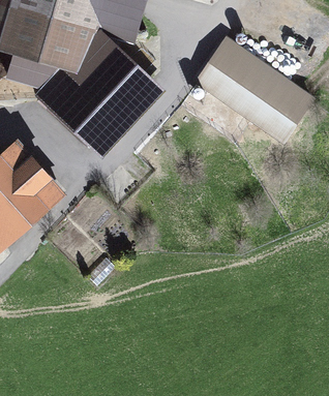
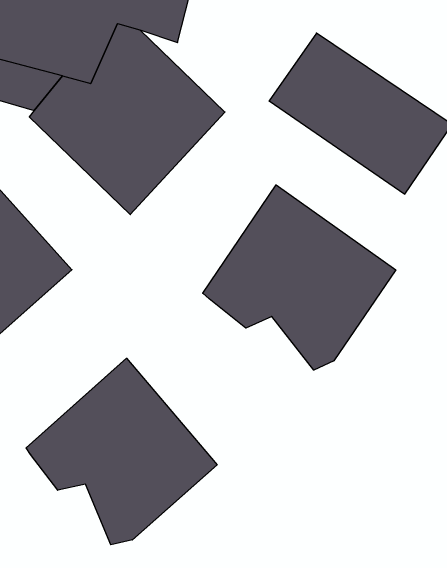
building: none -> [203,185,396,370]
building: none -> [26,358,217,545]

